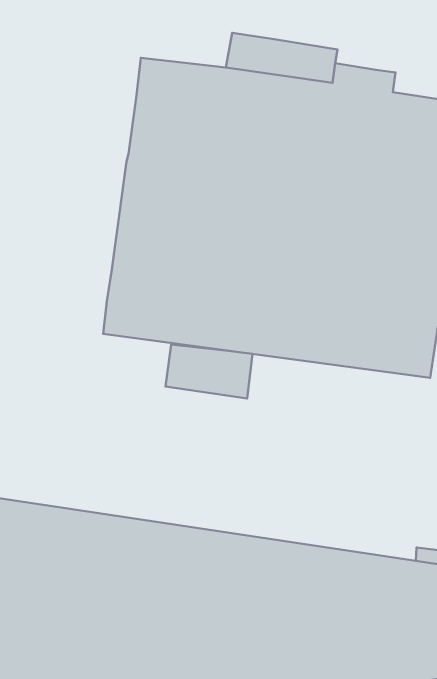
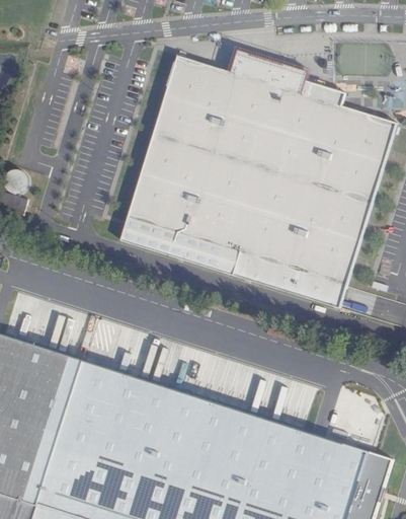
building: [165,344,252,399] -> none

